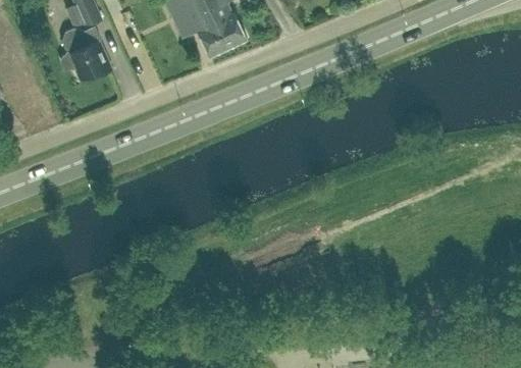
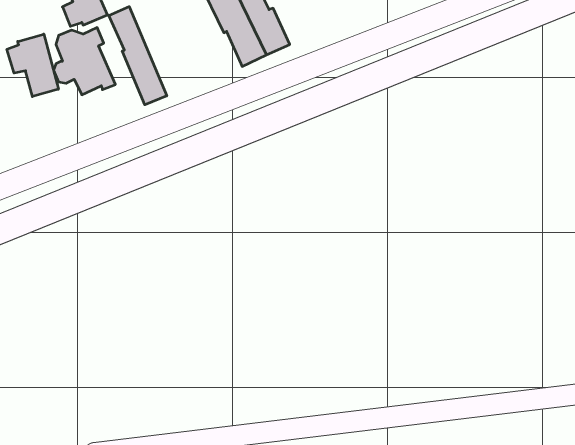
building: none -> [109,7,167,105]
building: none -> [7,34,58,97]

